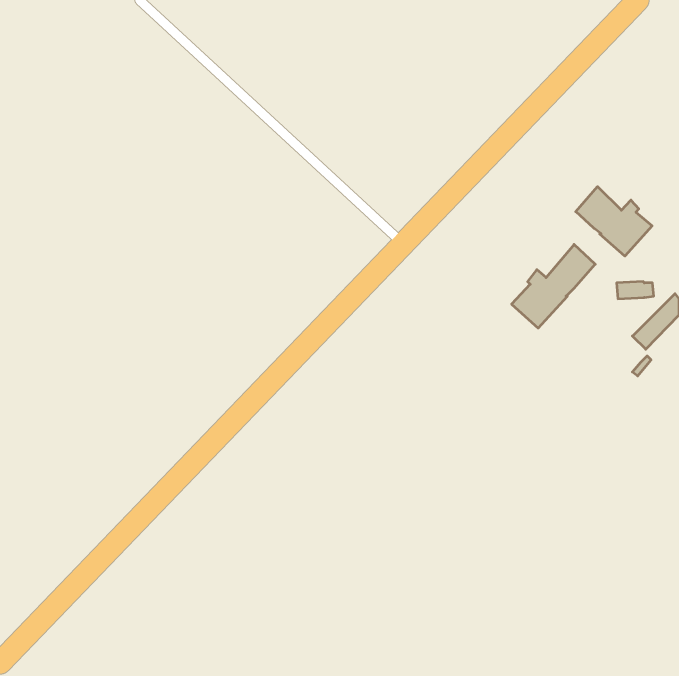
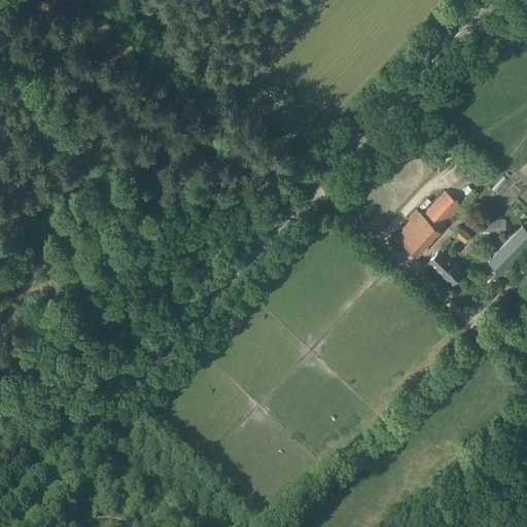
building: [576,187,652,256] -> none
building: none -> [428,252,462,285]

